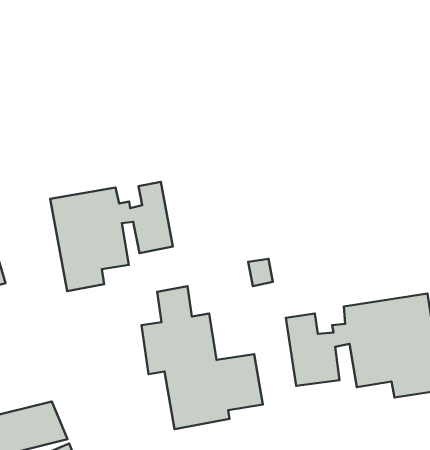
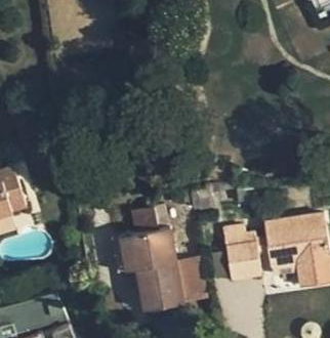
building: [50,182,173,291] -> none

